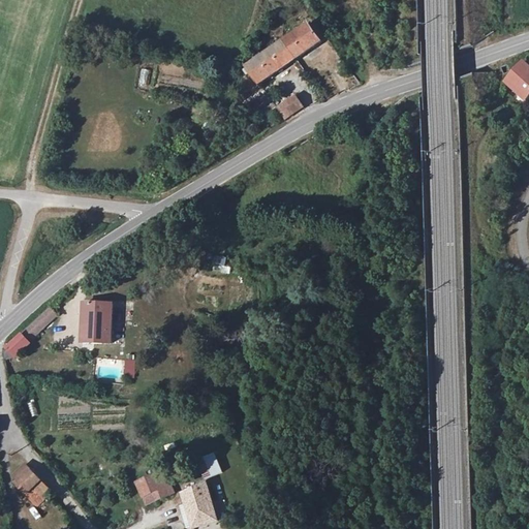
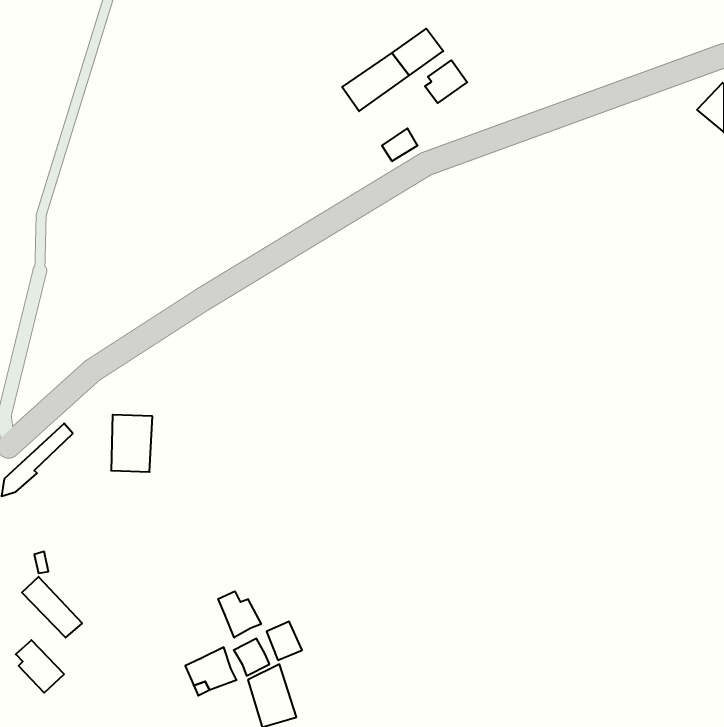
building: none -> [425,60,467,103]
building: none -> [22,577,82,638]
building: none -> [218,591,261,638]

